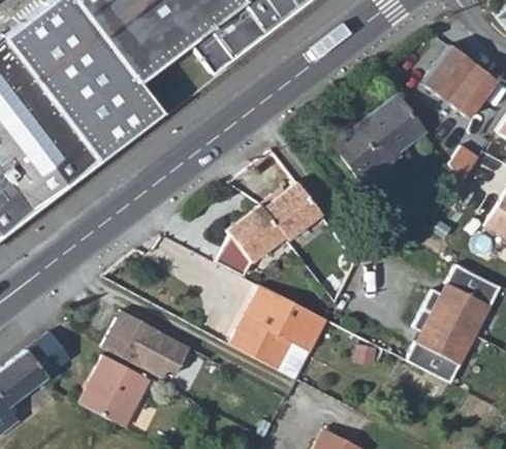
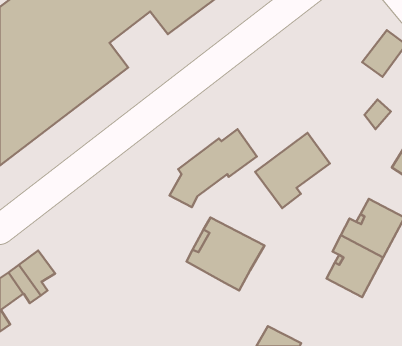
building: [423,45,476,102] -> none
building: [333,94,423,186] -> [255,133,330,208]
building: [104,309,197,378] -> none
building: [84,354,157,426] -> none

